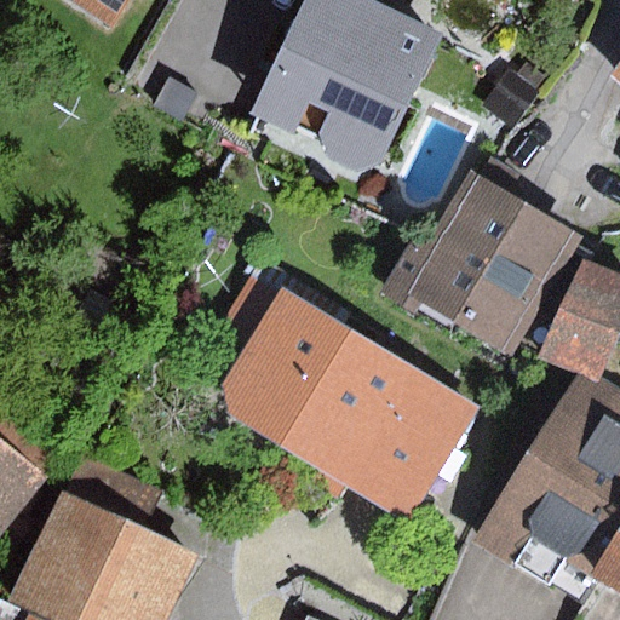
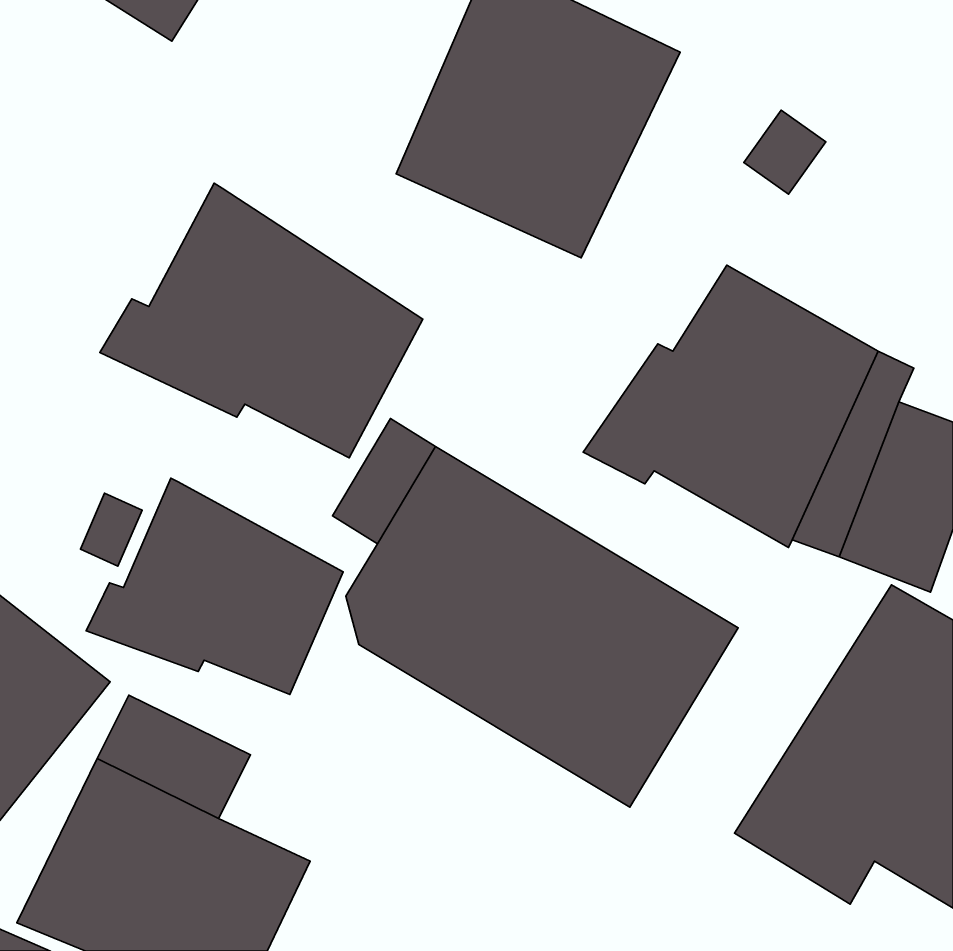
building: none -> [100,183,423,458]
building: none -> [86,478,343,695]

